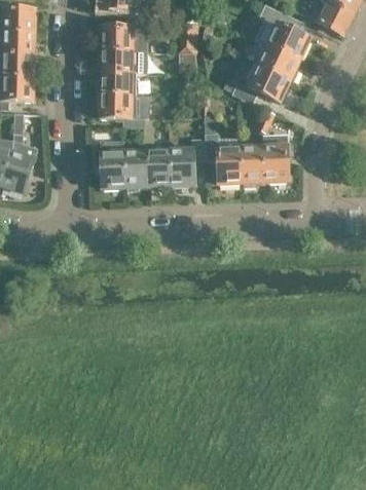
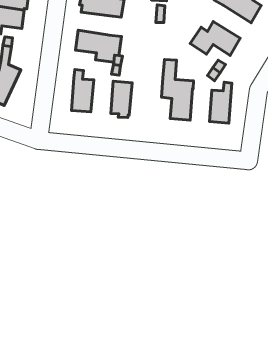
building: [254,43,298,79] -> none
building: [98,72,136,95] -> none
building: [169,137,205,185] -> none
building: [240,144,264,185] -> none
building: [123,148,148,190] -> none

